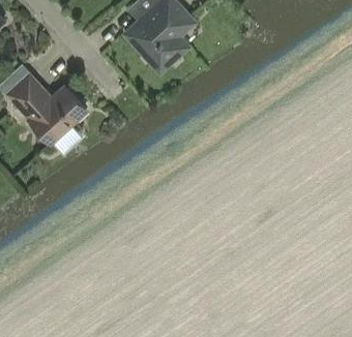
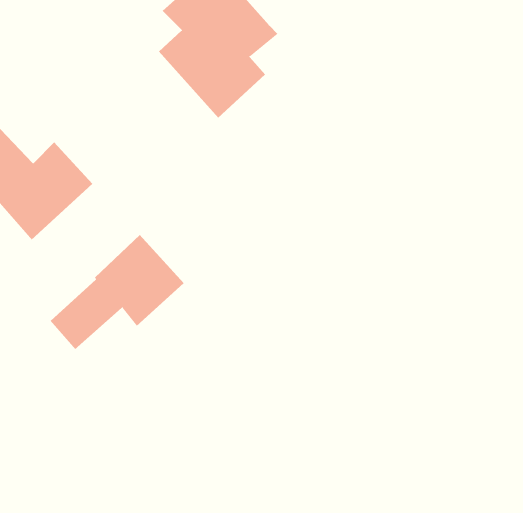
building: none -> [50,234,184,350]

